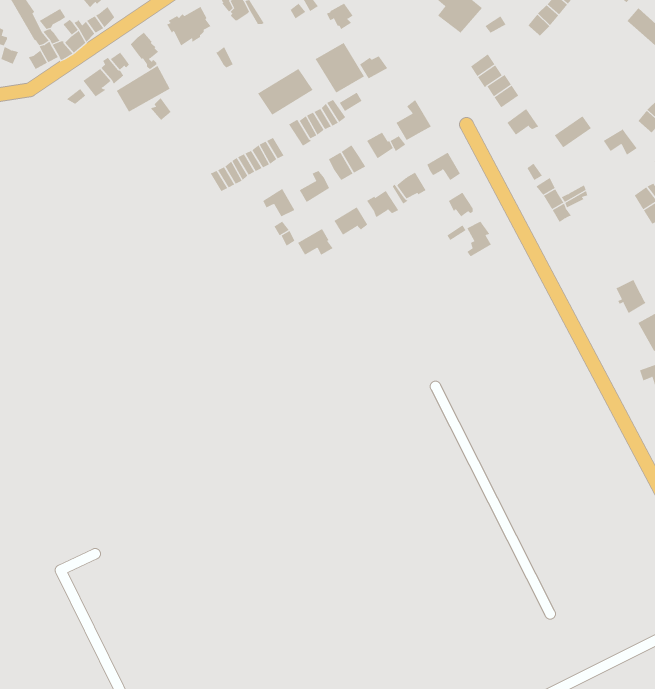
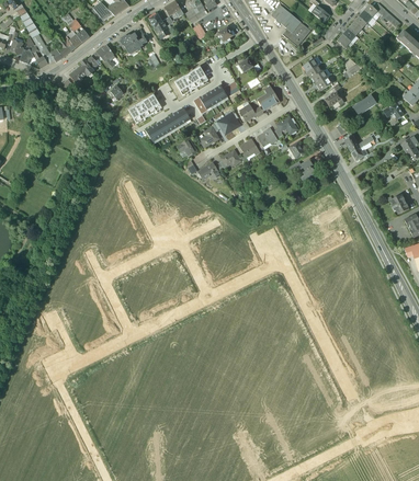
building: [315,42,365,93] -> none
building: [116,65,170,112] -> [127,93,160,122]

